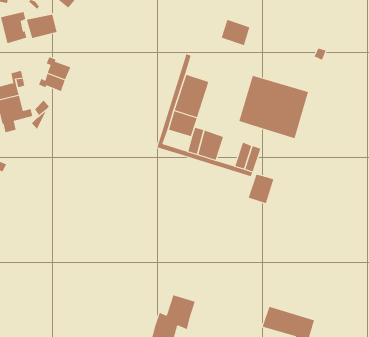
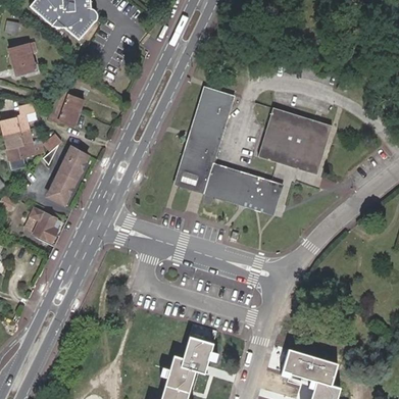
building: [26,14,57,39] -> none
building: [221,19,250,46] -> [202,89,233,116]
building: none -> [47,147,87,204]
building: none -> [179,166,208,189]
building: none -> [23,208,61,241]
building: [248,174,274,204] -> [234,173,261,204]

